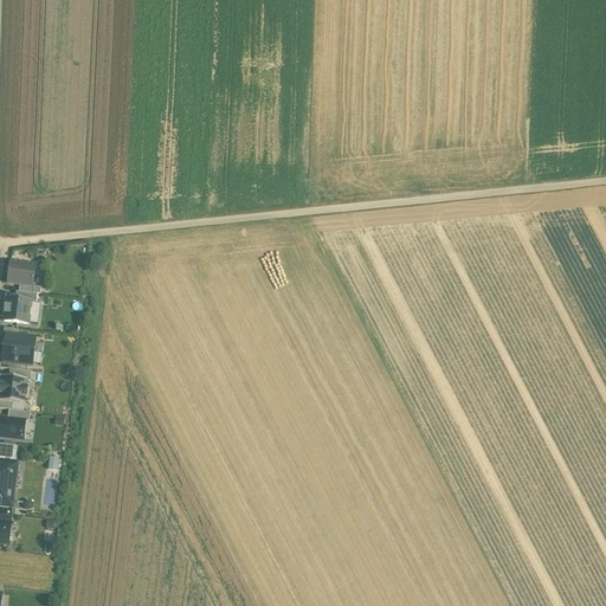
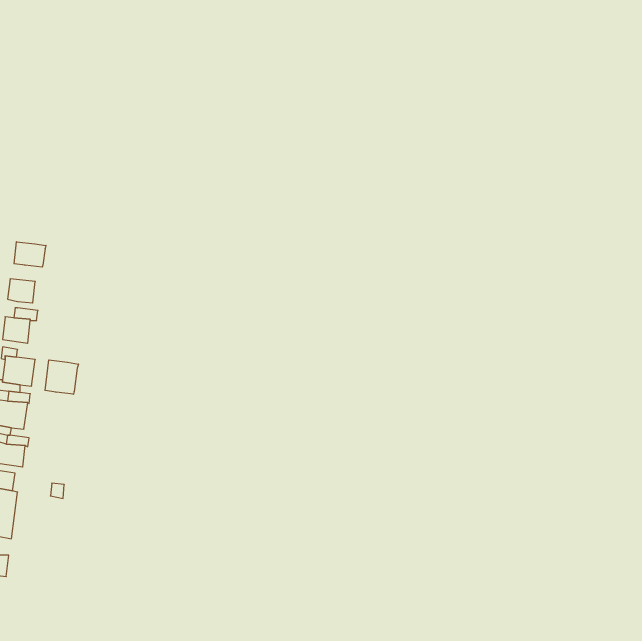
building: none -> [14,242,46,267]
building: none -> [45,360,78,394]

